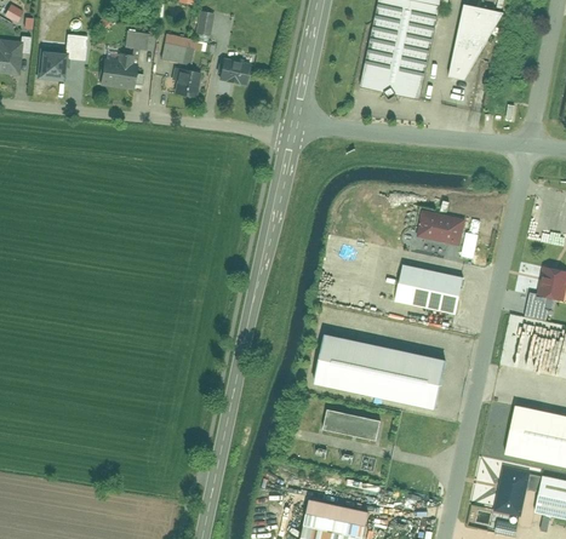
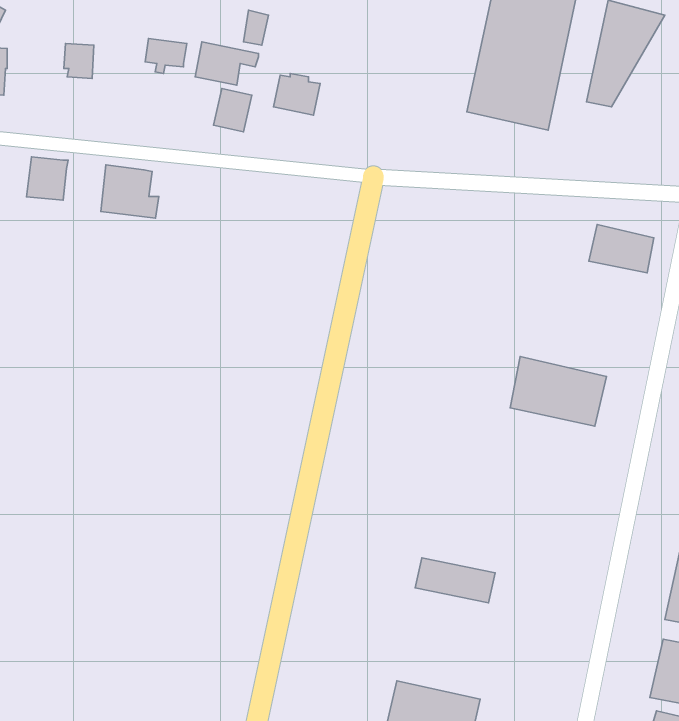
building: [39,51,69,82] -> [26,157,68,200]
building: [101,52,143,91] -> [101,165,159,218]
building: [416,210,463,245] -> [589,225,654,273]
building: [313,334,445,409] -> none

